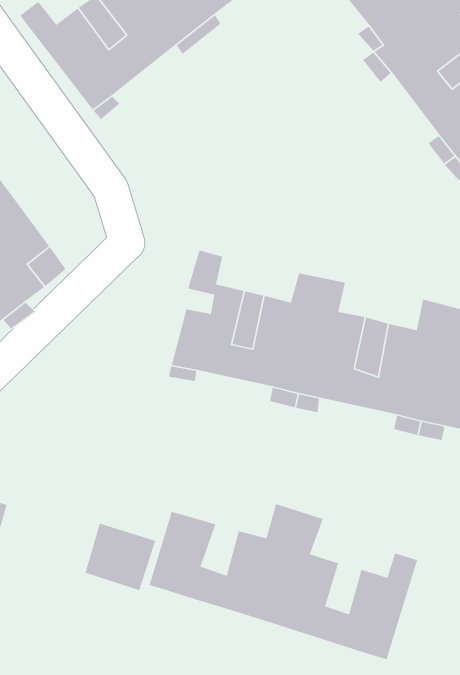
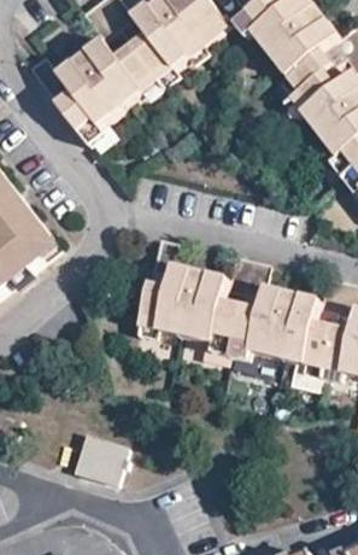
building: [149,503,418,660] -> none

